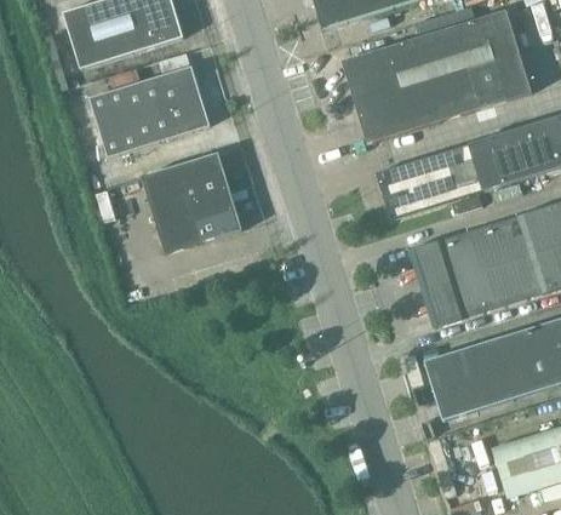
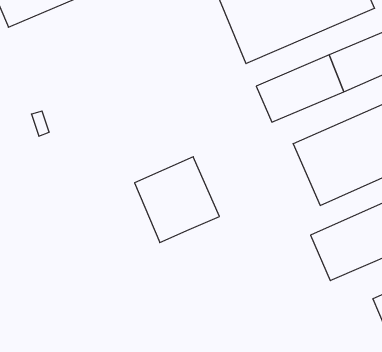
building: [91,65,210,156] -> none
building: [143,153,242,253] -> [135,157,219,243]

